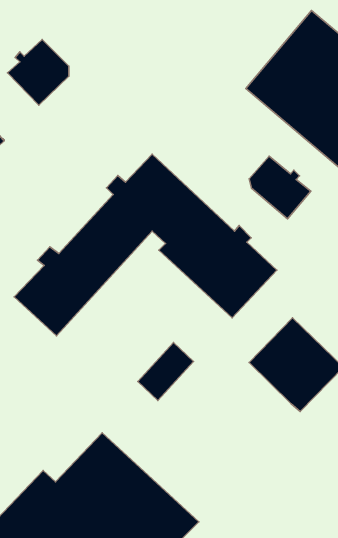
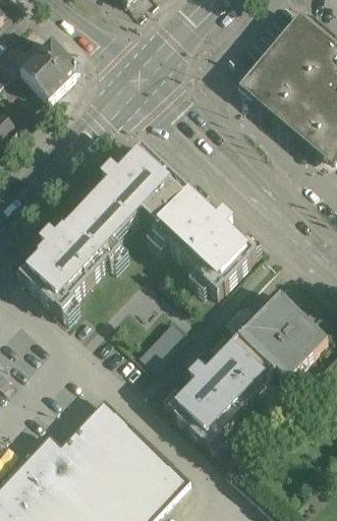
building: [249,156,311,219] -> none
building: none -> [174,337,277,442]

